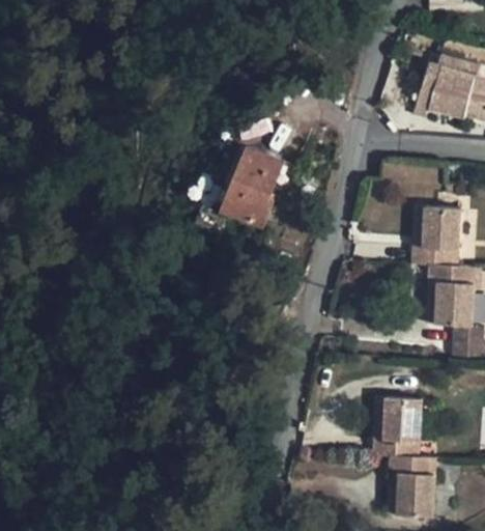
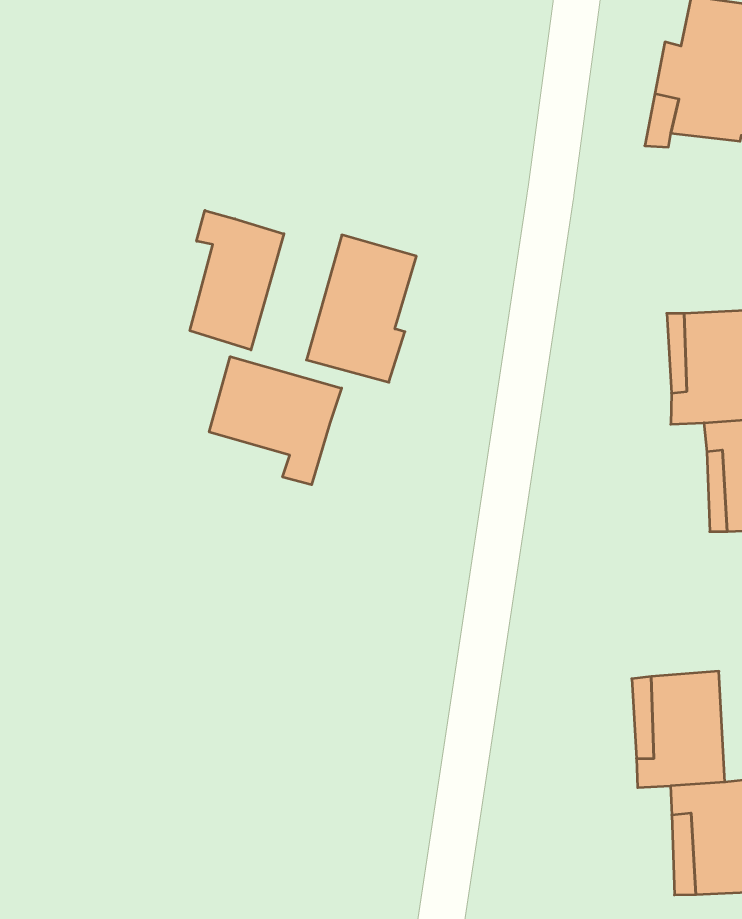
building: none -> [190,210,284,350]
building: none -> [209,357,342,485]

